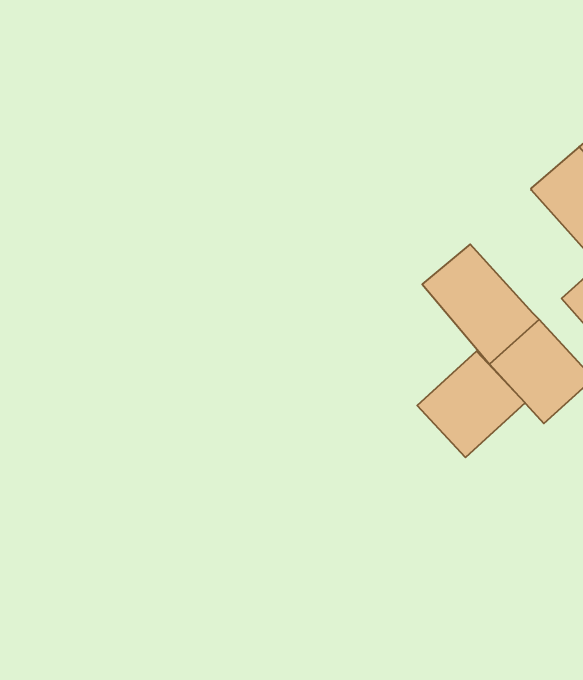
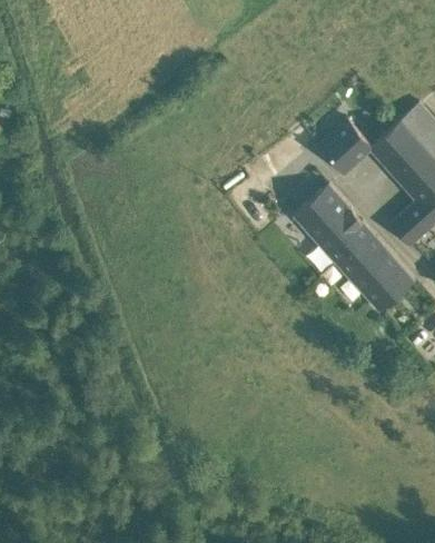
building: none -> [322,122,372,174]
building: [417,351,525,457] -> none

